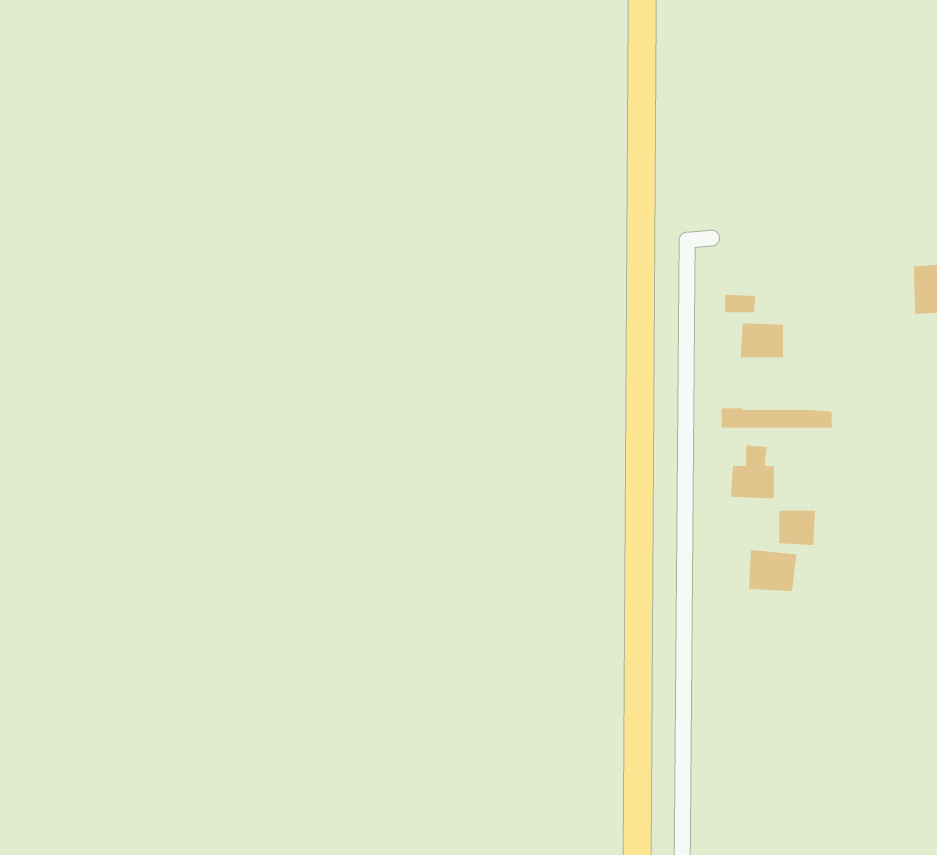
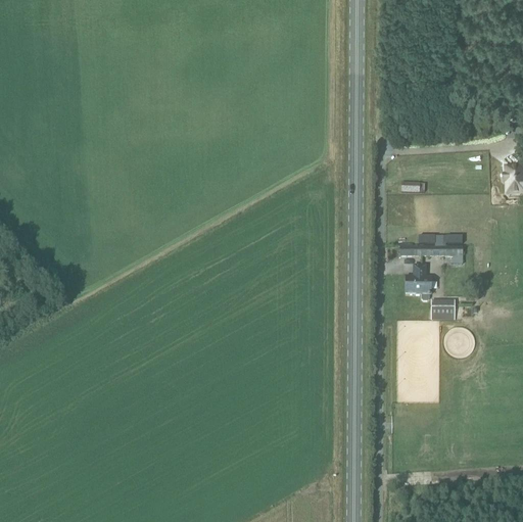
building: [740,322,783,358] -> none
building: [748,549,797,592] -> none

